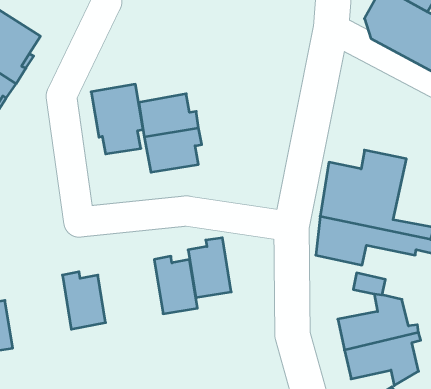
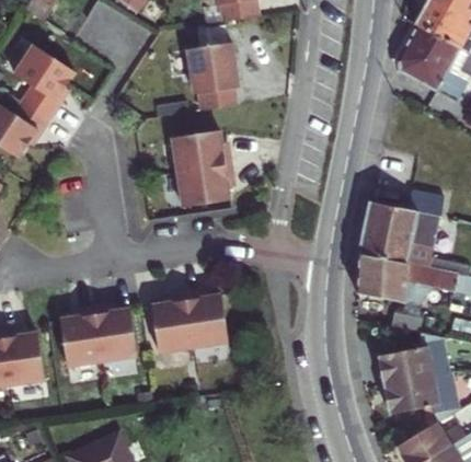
building: [91,84,143,154] -> [188,42,240,111]
building: [188,238,231,298] -> [154,293,197,353]
building: none -> [64,309,106,368]

